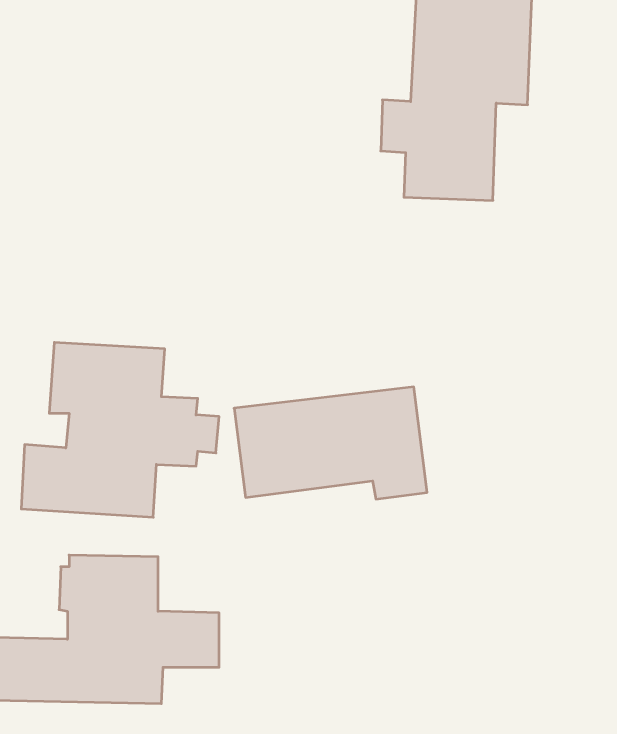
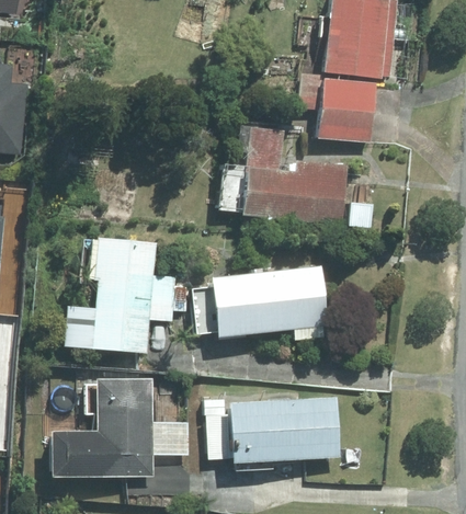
building: none -> [214,123,374,227]
building: none -> [206,396,339,460]

